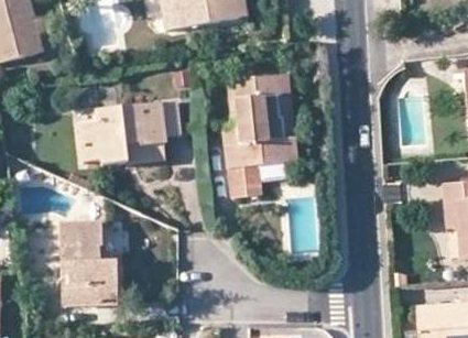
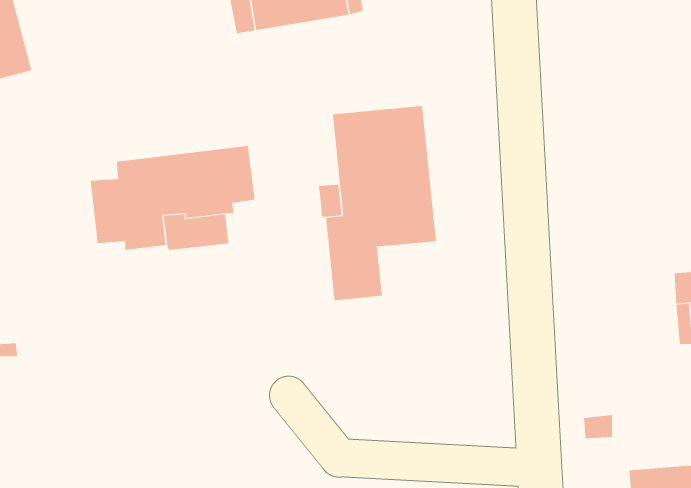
building: [59,220,117,305] -> none

